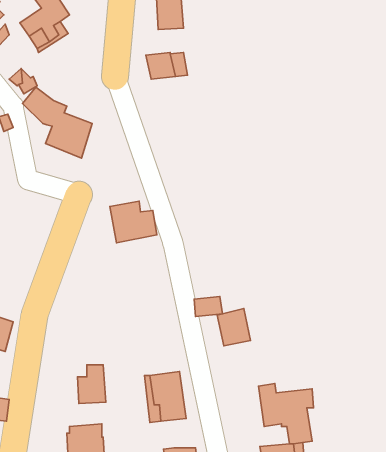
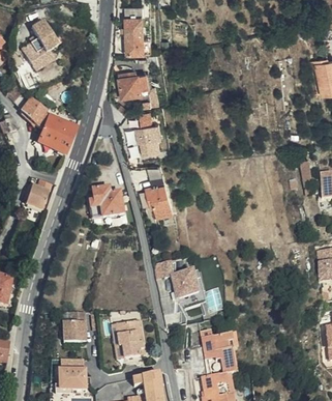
building: none -> [130,116,158,149]
building: none -> [143,169,172,213]
building: none -> [28,179,54,208]

